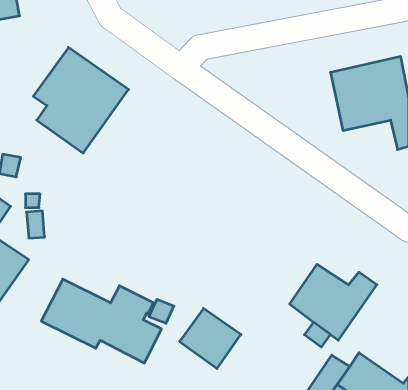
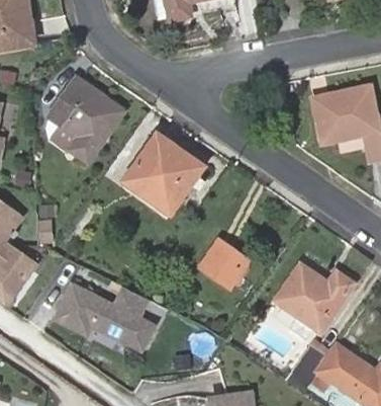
building: none -> [121,129,209,218]
building: [180,308,241,369] -> [199,236,254,290]

